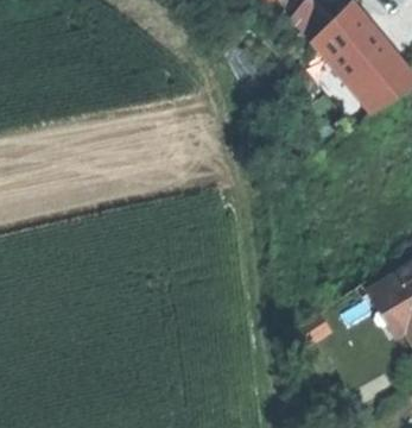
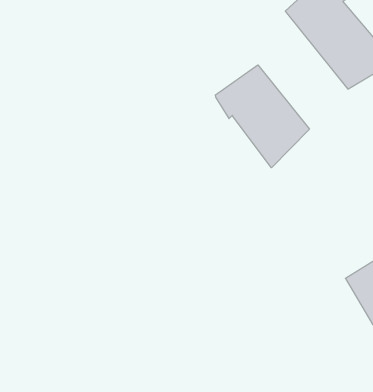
building: none -> [216,65,309,168]

